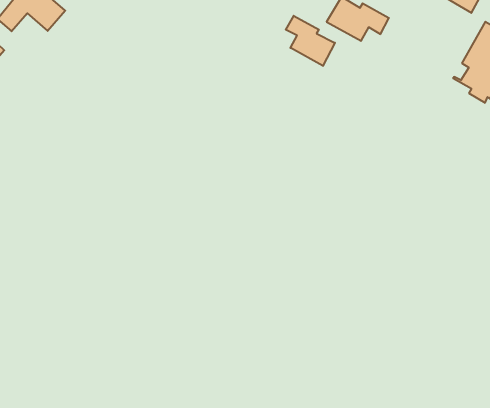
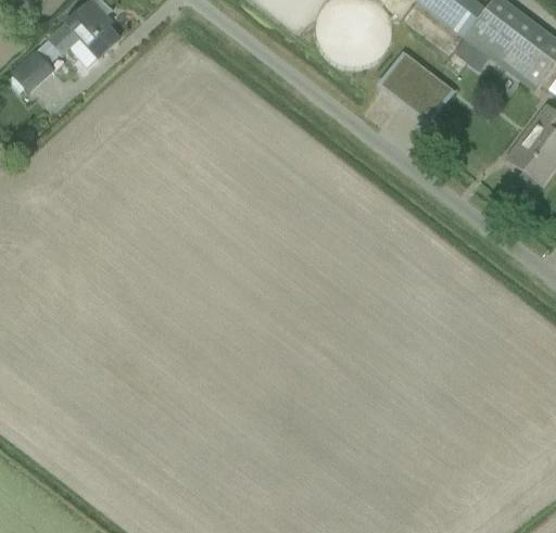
building: [286,16,335,66] -> none

